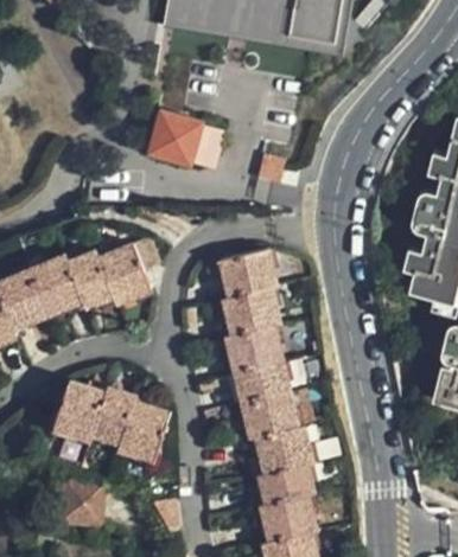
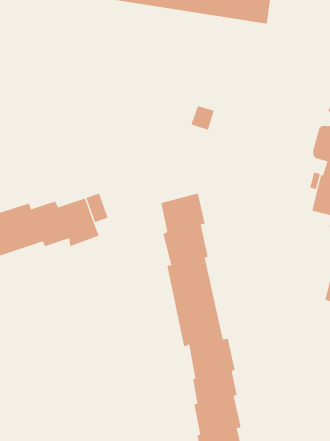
building: [151,111,217,165] -> none
building: [55,388,166,462] -> none
building: [75,474,116,517] -> none

